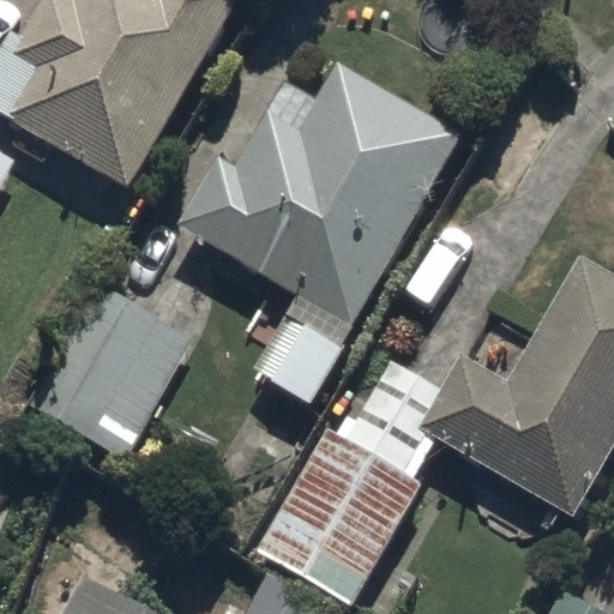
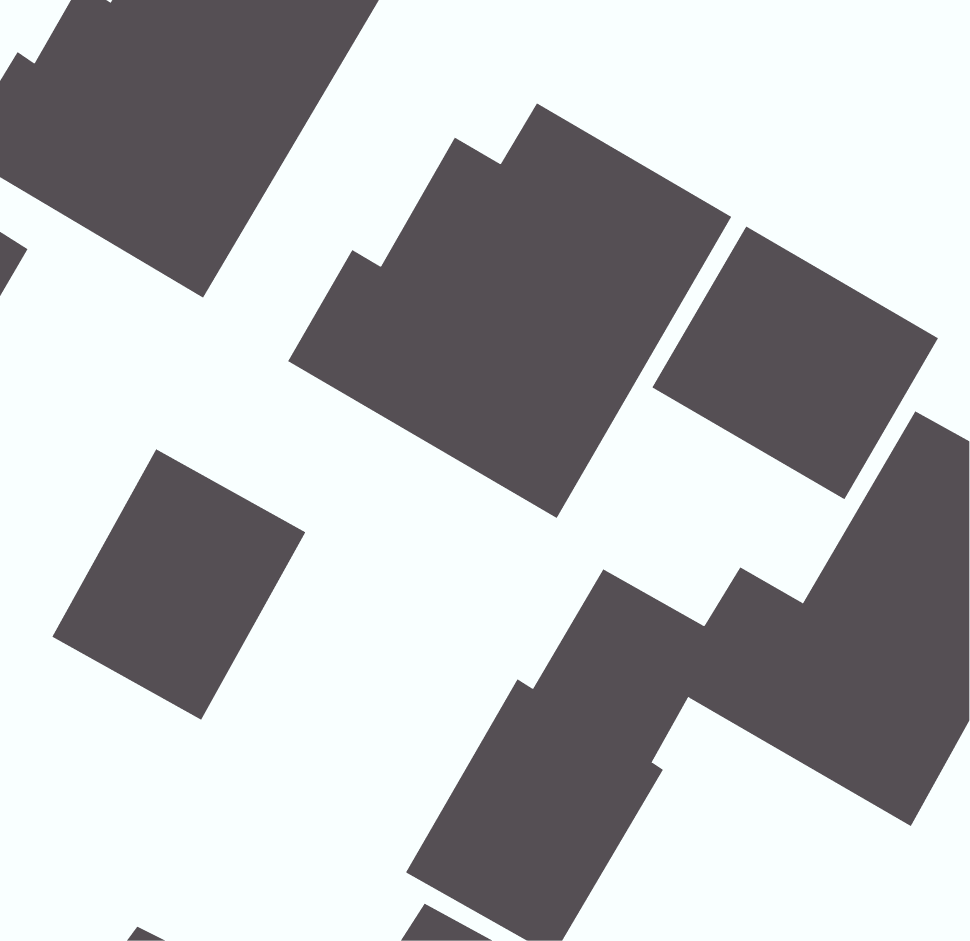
building: none -> [652,226,939,500]

